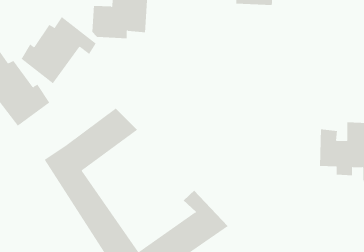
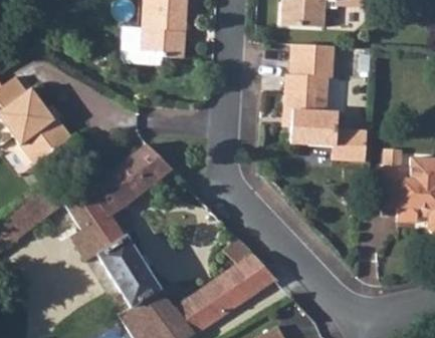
building: [21,16,96,84] -> none
building: none -> [284,45,366,162]

